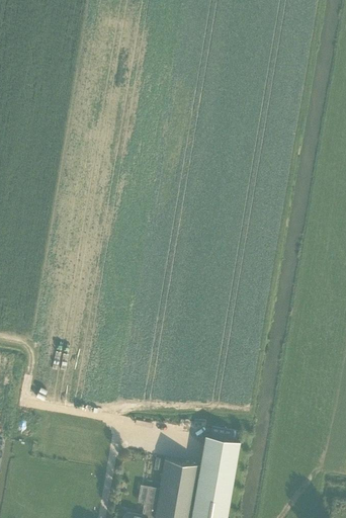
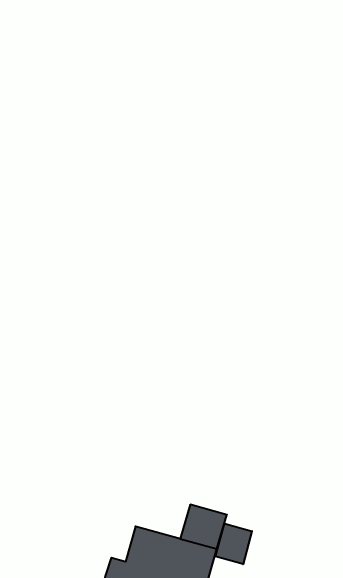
building: none -> [215,523,252,564]

